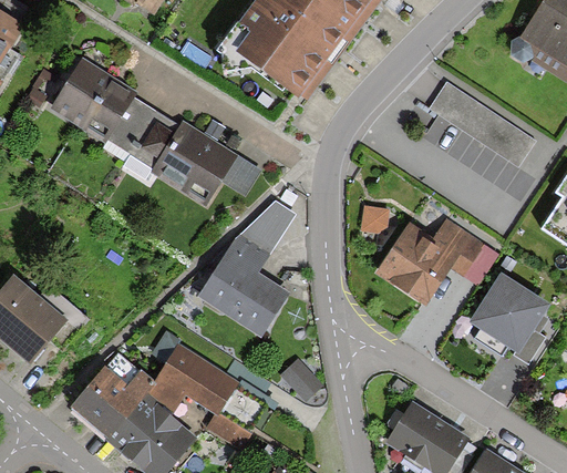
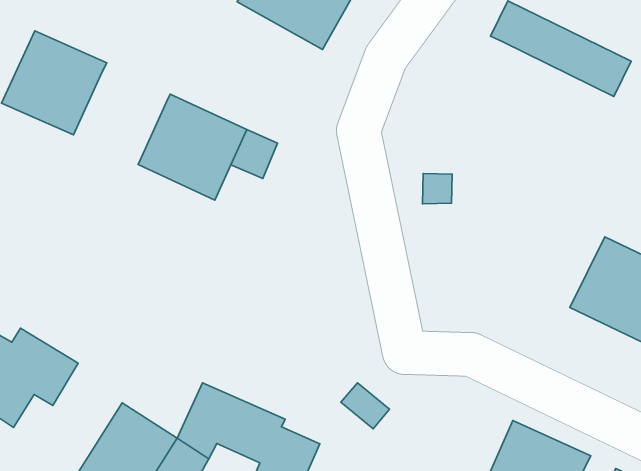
building: [103,97,177,172] -> none
building: [202,210,286,332] -> none
building: [378,223,480,304] -> none

